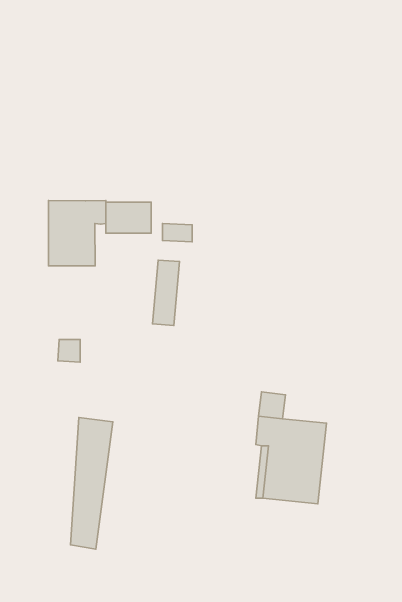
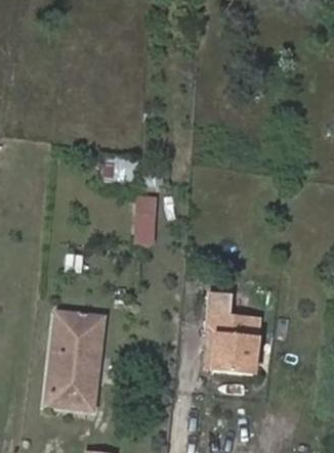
building: [49,201,106,266] -> none
building: none -> [48,309,81,404]

